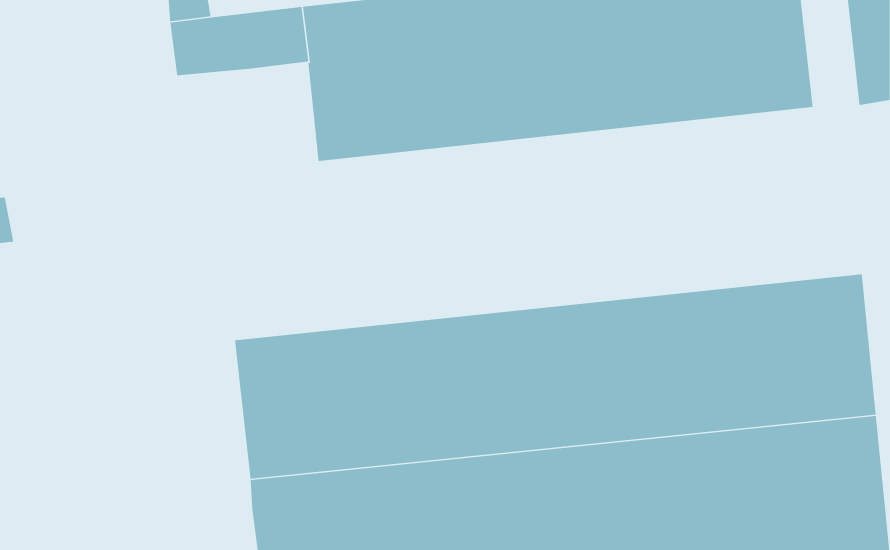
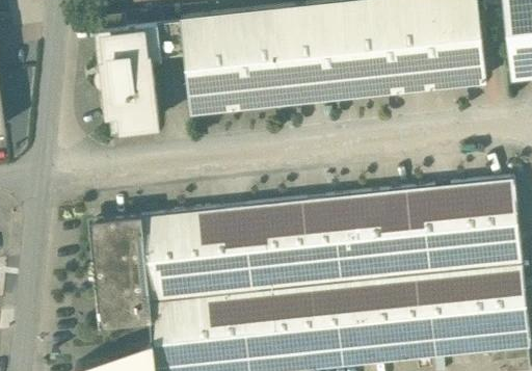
building: none -> [106,57,158,127]
building: none -> [95,218,151,324]

